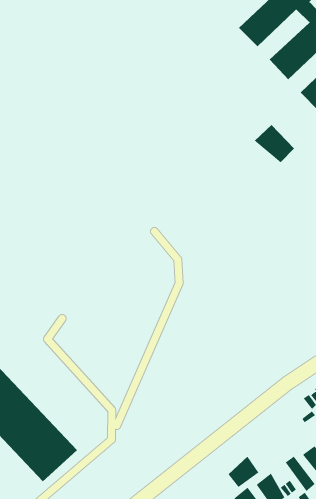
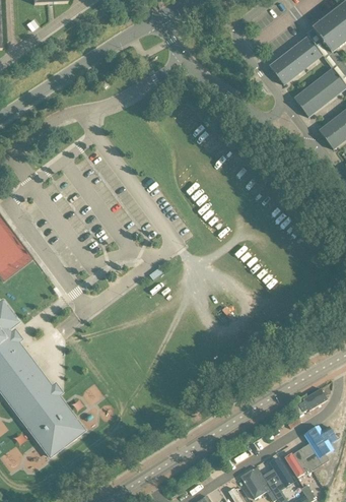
building: [254,124,295,163] -> none
building: [228,456,259,488] -> none

